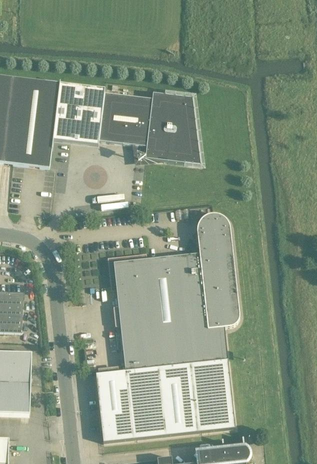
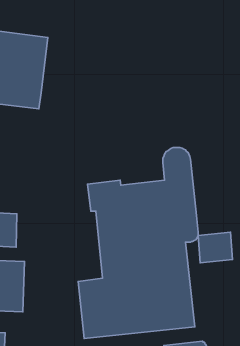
building: [52,83,201,165] -> none
building: none -> [198,232,233,263]

